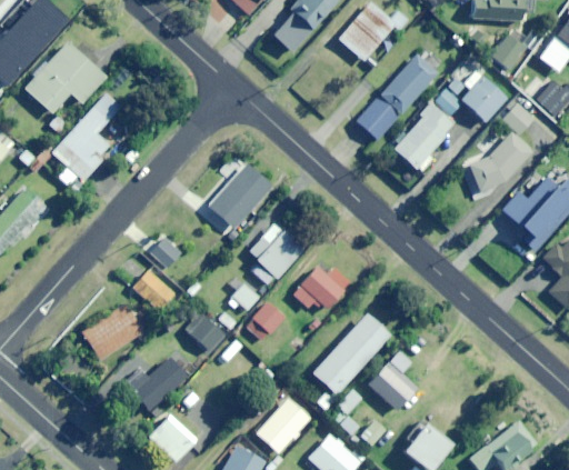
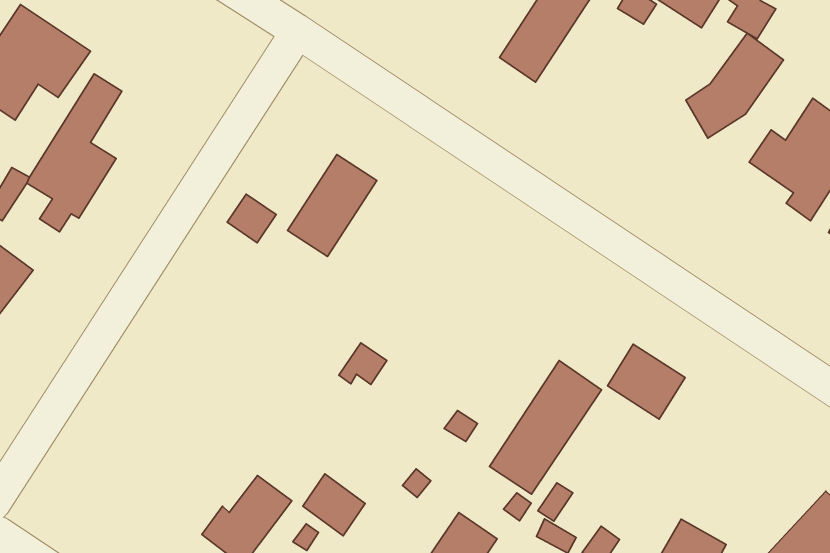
building: [395,104,455,173] -> none
building: [249,223,305,279] -> none
building: [150,238,181,269] -> [227,194,276,243]
building: [292,267,351,310] -> none
building: [133,271,174,311] -> none
building: [247,301,286,342] -> none
building: [82,306,142,360] -> none
building: [186,311,224,351] -> [303,474,365,536]
building: [368,362,417,411] -> [607,344,685,419]

